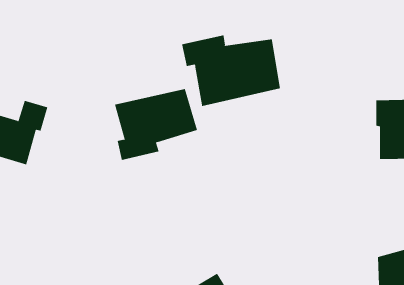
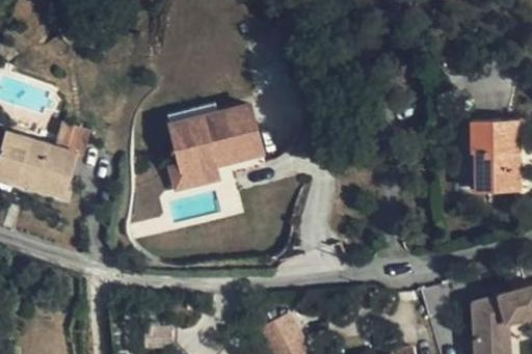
building: [181,35,280,107] -> none

